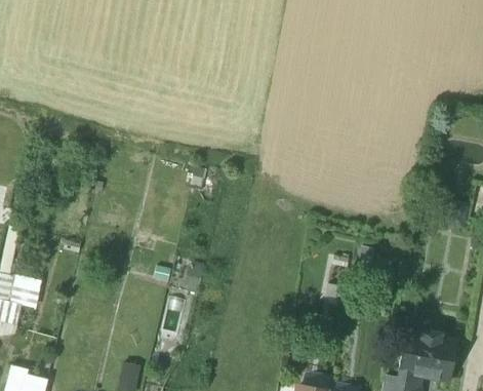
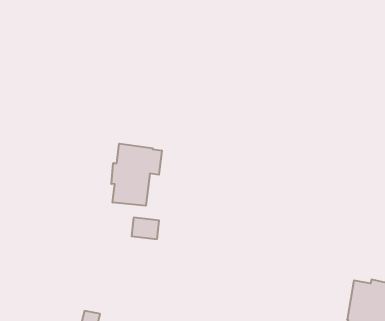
building: none -> [111,144,162,206]

